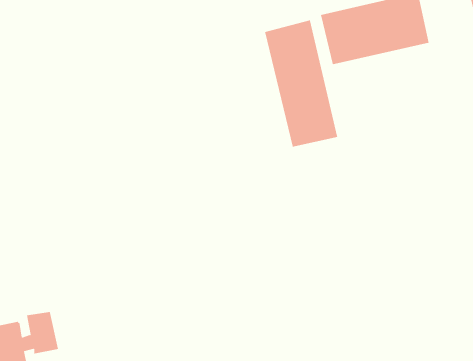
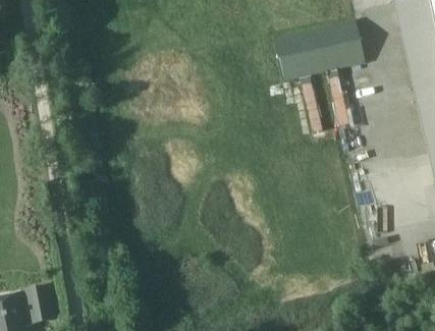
building: [264,20,338,147] -> none

